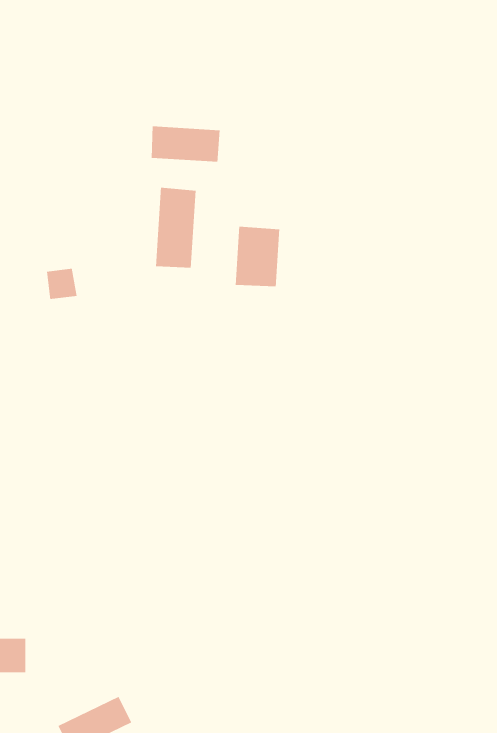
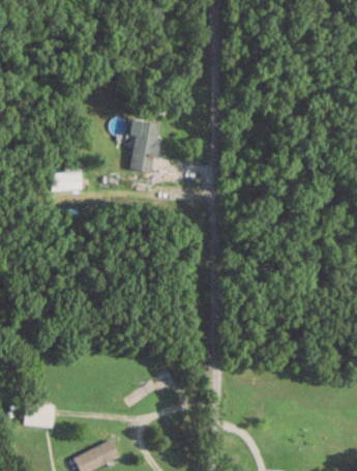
building: [151,126,220,162] -> none
building: [235,226,280,287] -> none

